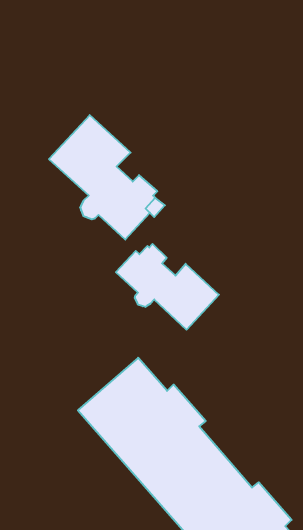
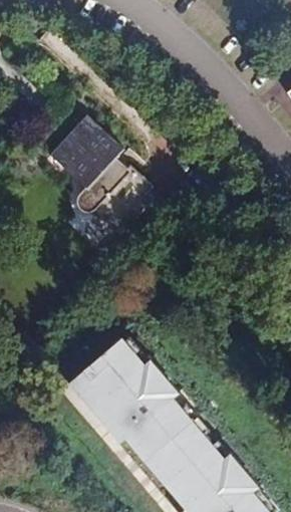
building: [116,244,219,330] -> none

